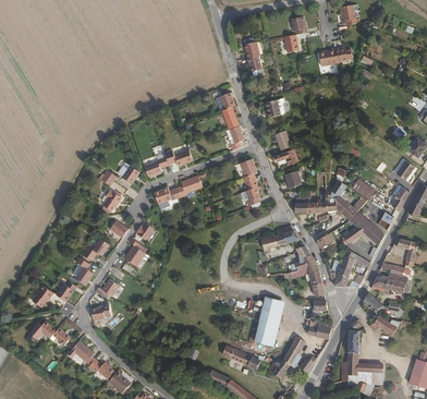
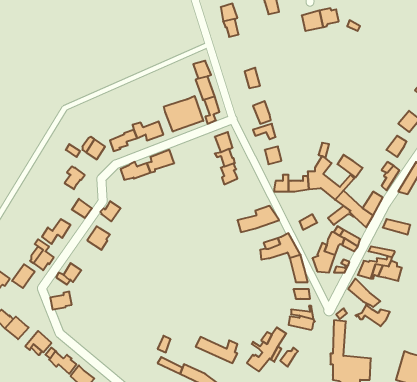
building: none -> [164,96,203,132]
building: [255,297,285,347] -> none

